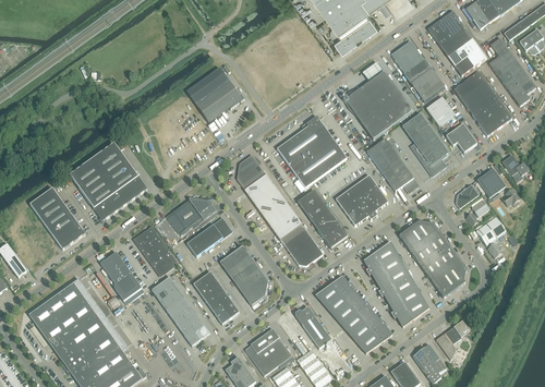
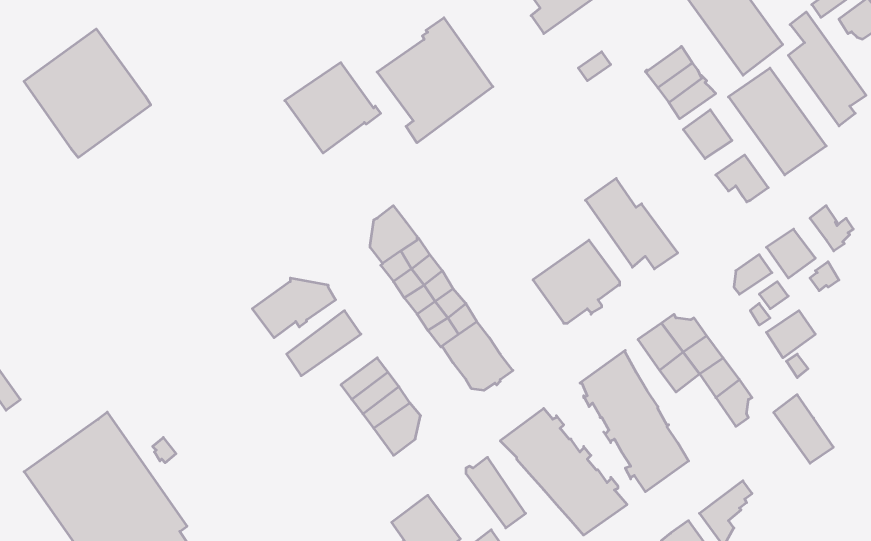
building: [390,40,423,73] -> none
building: [342,70,412,138] -> none
building: [401,112,448,174] -> none
building: [276,116,346,191] -> [377,18,493,143]
building: [70,143,146,220] -> [24,29,151,157]
building: [29,188,84,249] -> none
building: [296,190,347,247] -> none
building: [133,226,178,275] -> none
building: [99,252,141,300] -> none
building: [421,255,457,297] -> [774,395,833,463]
building: [193,271,239,324] -> none
building: [150,276,209,346] -> none

